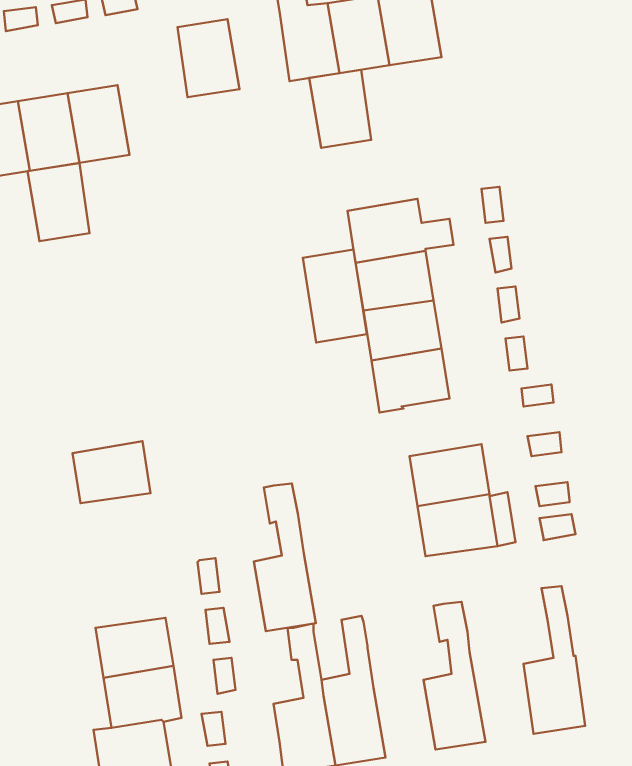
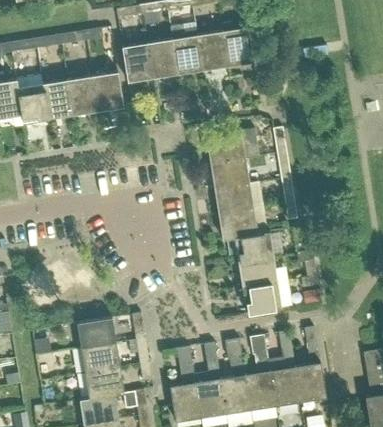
building: [309,70,371,148] -> [147,39,178,78]
building: [27,163,89,241] -> [92,72,123,111]
building: [303,249,367,343] -> none
building: none -> [234,231,274,262]
building: [73,441,151,503] -> [77,317,116,348]
building: [254,484,316,631] -> [220,339,251,413]
building: none -> [268,331,300,405]

